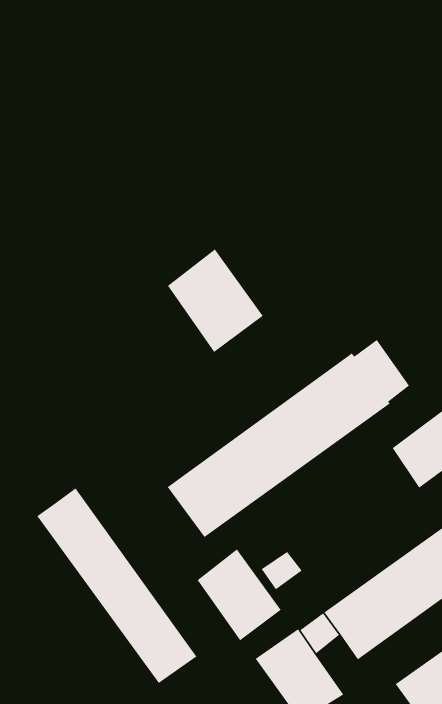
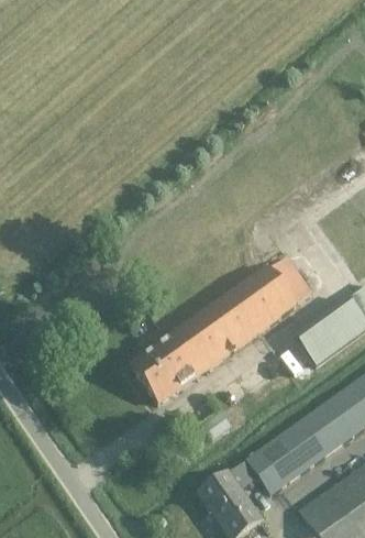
building: [167,249,263,353] -> none
building: [37,488,197,684] -> none
building: [197,548,282,641] -> none

